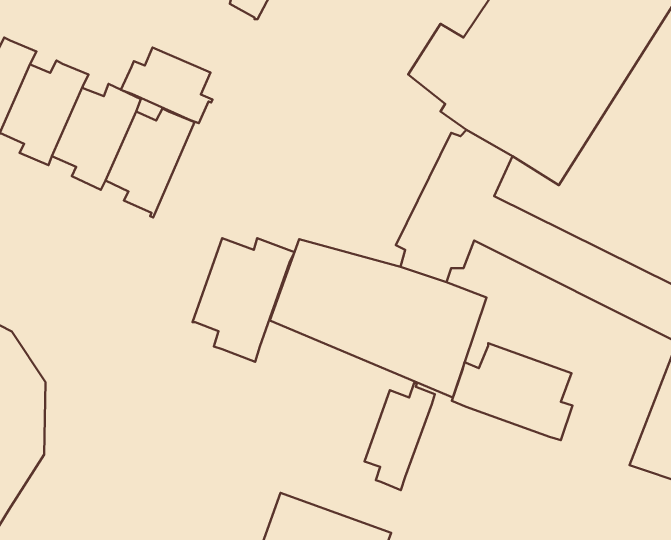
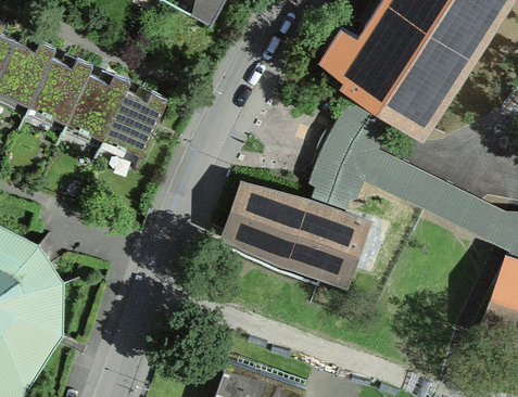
building: [121,47,212,123] -> none
building: [192,238,294,362] -> none
building: [452,343,572,440] -> none
building: [364,383,435,490] -> none

